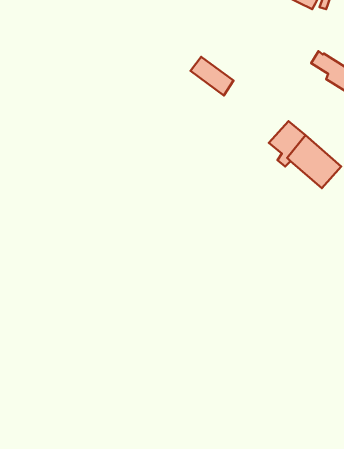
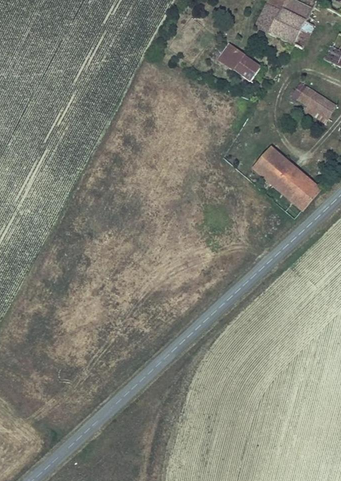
building: [190,57,234,96] -> [219,44,259,80]

